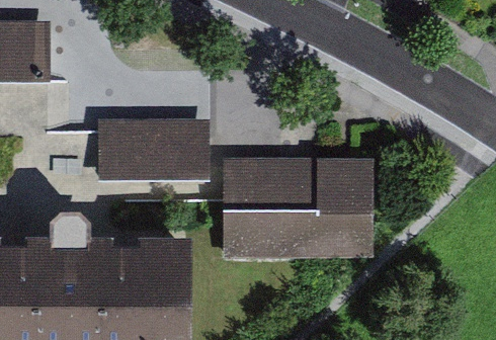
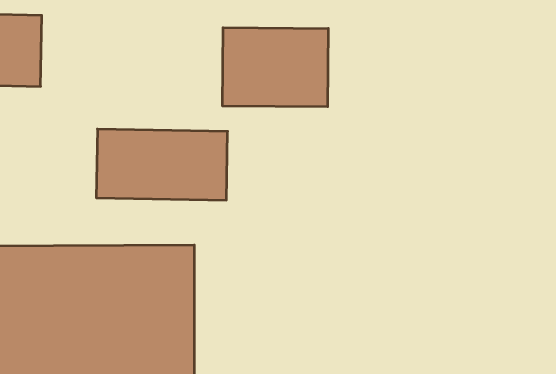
building: none -> [223,28,328,107]
building: [228,163,368,248] -> none

